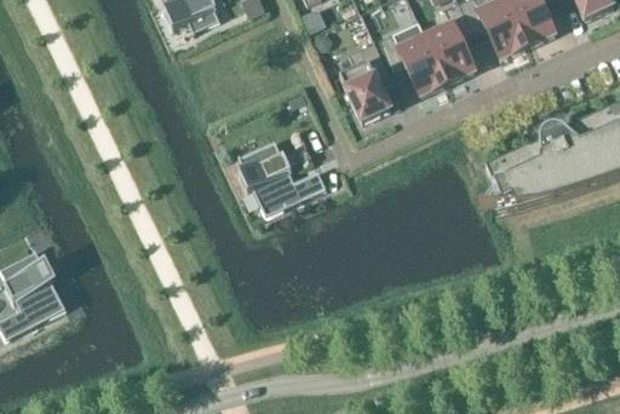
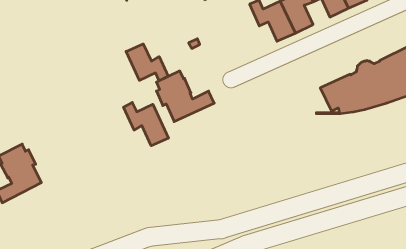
building: [339,40,391,121] -> none
building: none -> [126,44,168,81]
building: none -> [124,102,168,146]

